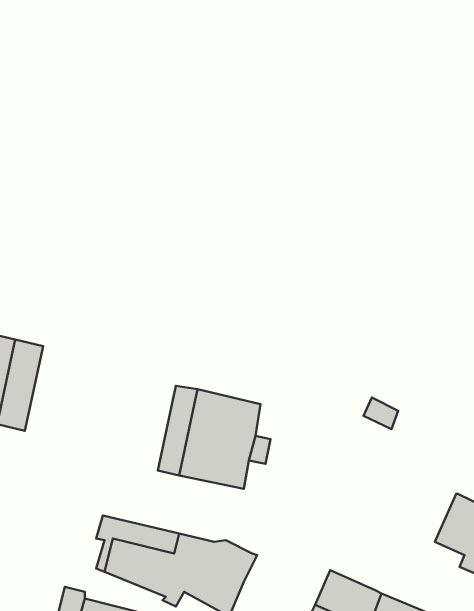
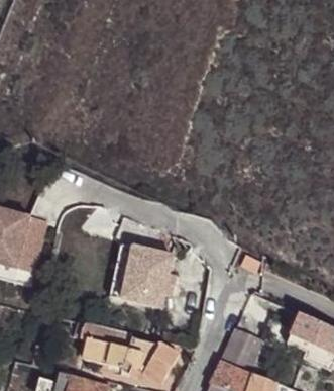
building: none -> [221,329,262,371]

